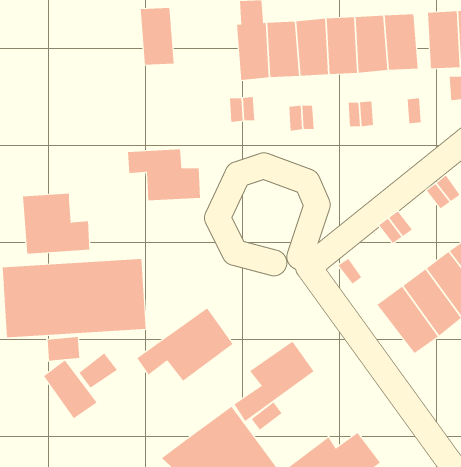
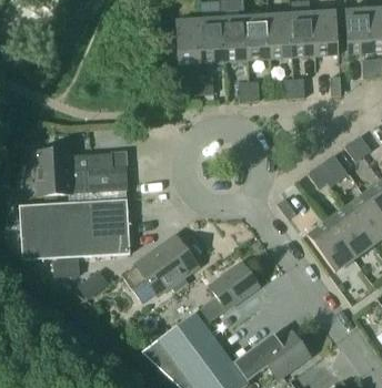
building: [140,7,174,65] -> [175,19,202,63]
building: [127,149,201,201] -> [71,152,128,192]
building: [43,360,97,419] -> none

